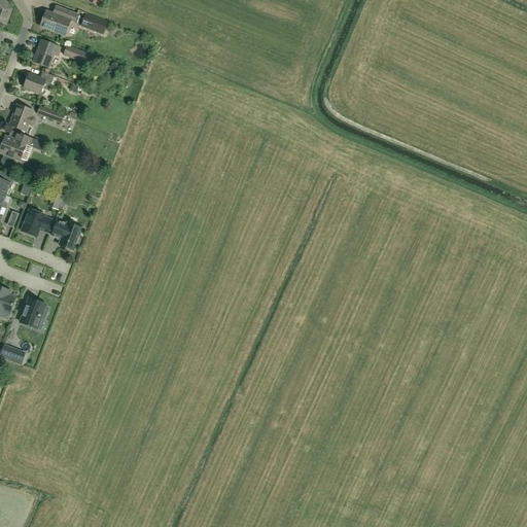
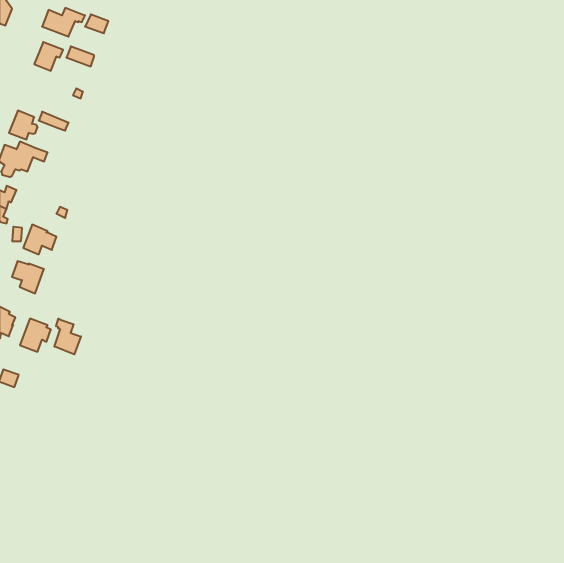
building: [23,70,52,93] -> none
building: [51,221,81,251] -> [12,261,44,293]
building: none -> [54,319,81,354]

